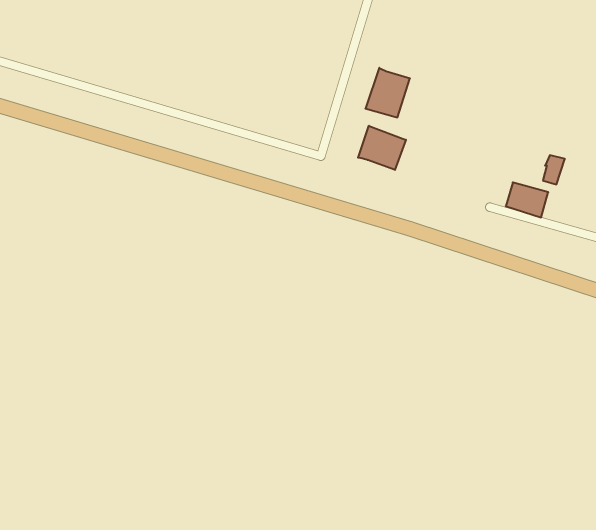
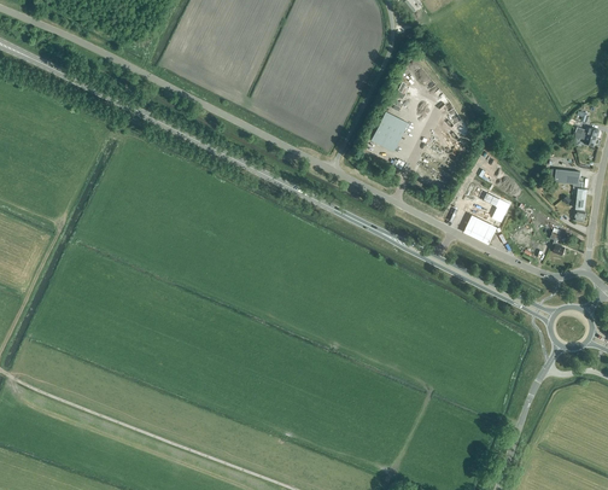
building: [358,126,406,170] -> none

